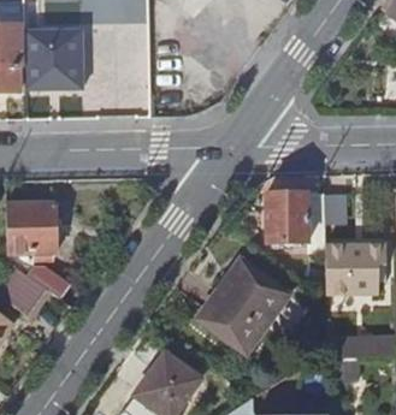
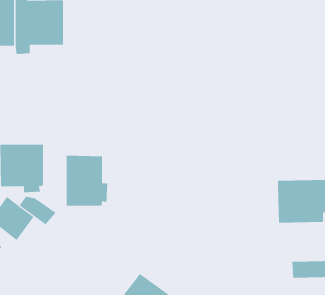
building: [266,194,325,253] -> none
building: none -> [66,155,108,207]
building: [203,257,290,354] -> none

